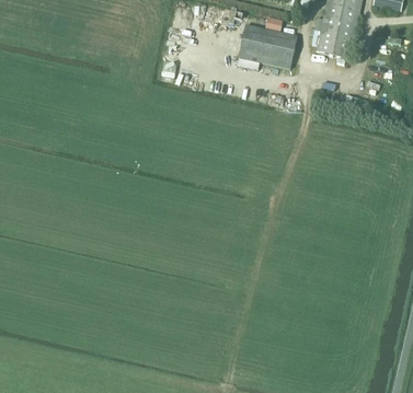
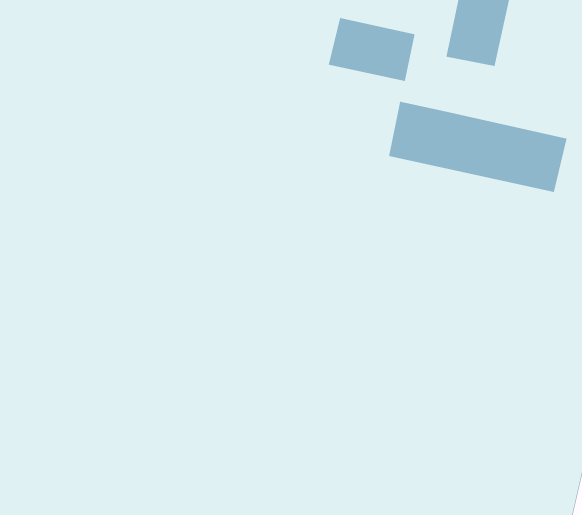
building: none -> [388,101,568,193]

